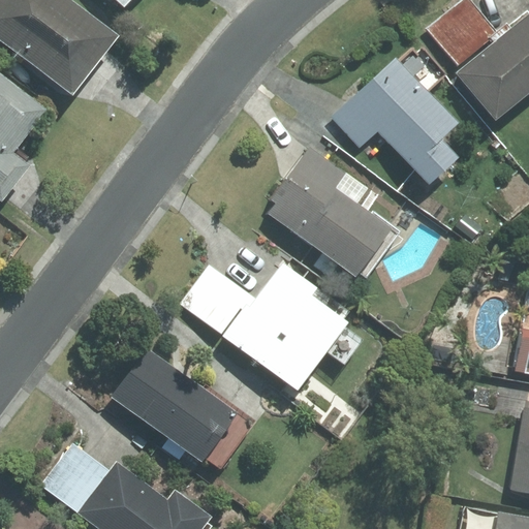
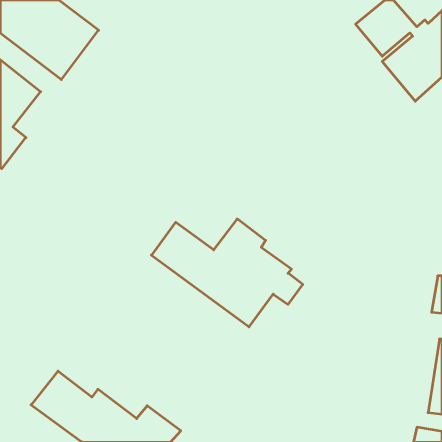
building: [331,58,459,185] -> none
building: [268,147,398,278] -> none
building: [112,348,236,460] -> none

